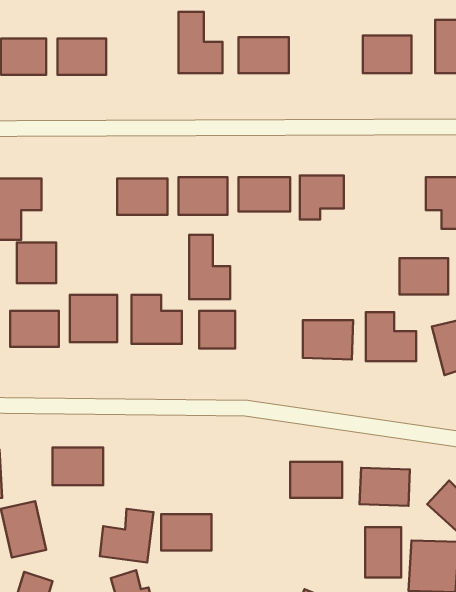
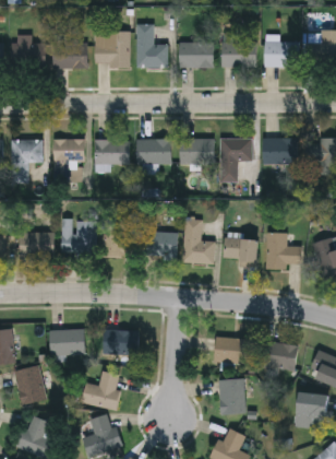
building: none -> [94,33,129,70]
building: none -> [220,42,255,68]
building: [189,235,230,299] -> [184,220,213,264]
building: [17,242,56,283] -> [56,140,83,168]
building: [399,258,448,294] -> [262,139,296,164]
building: [161,514,212,550] -> [103,329,137,354]
building: [365,527,401,578] -> [219,378,244,413]

